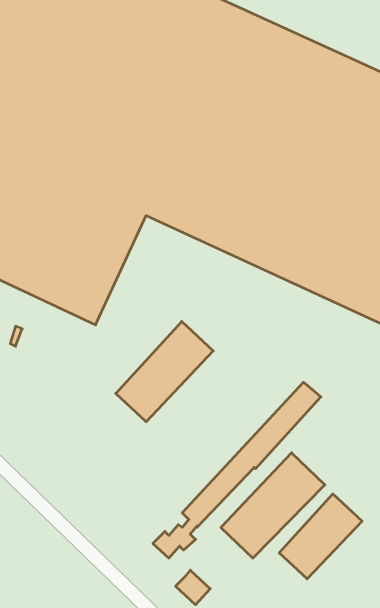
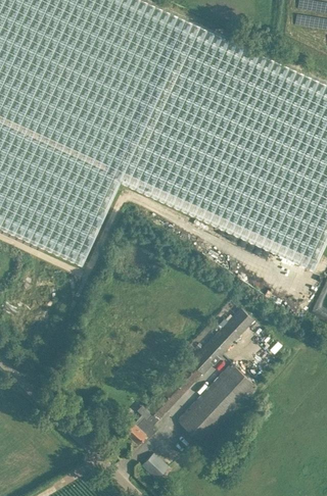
building: [116,321,213,422] -> none
building: [279,494,362,579] -> none

